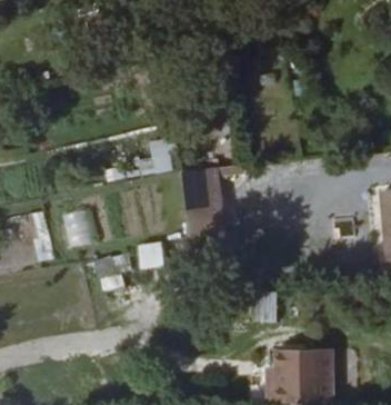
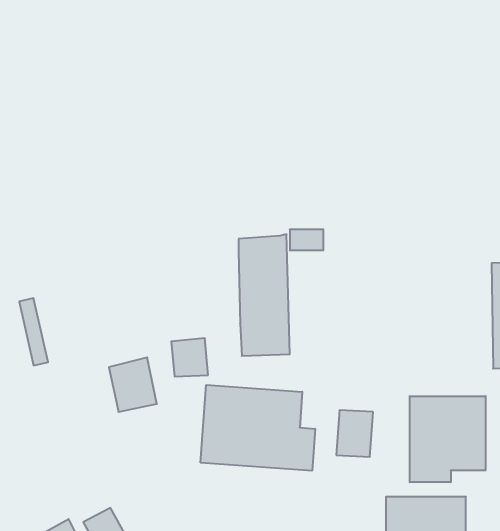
building: none -> [201,385,315,471]
building: none -> [410,396,486,482]

